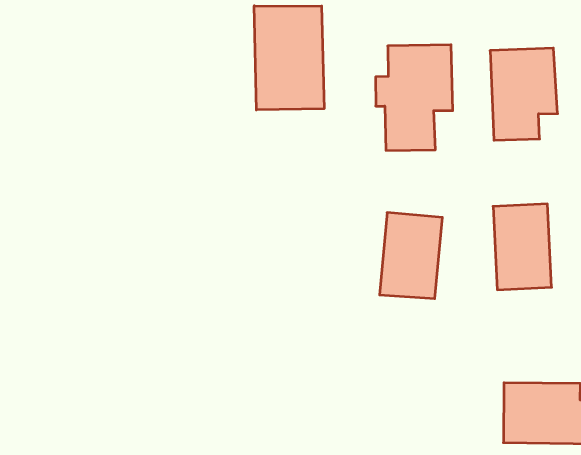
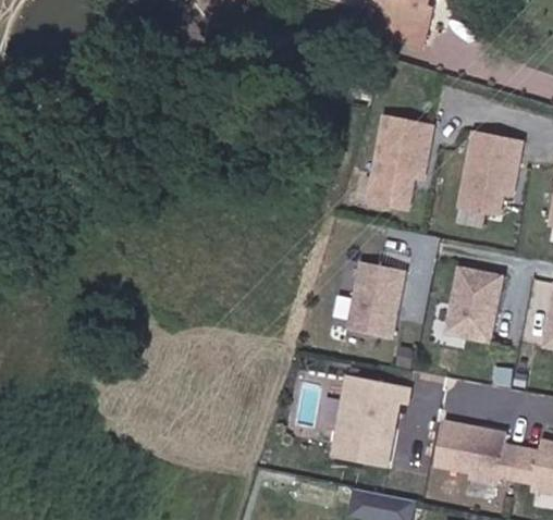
building: [254,6,324,110] -> none
building: none -> [329,373,407,469]

